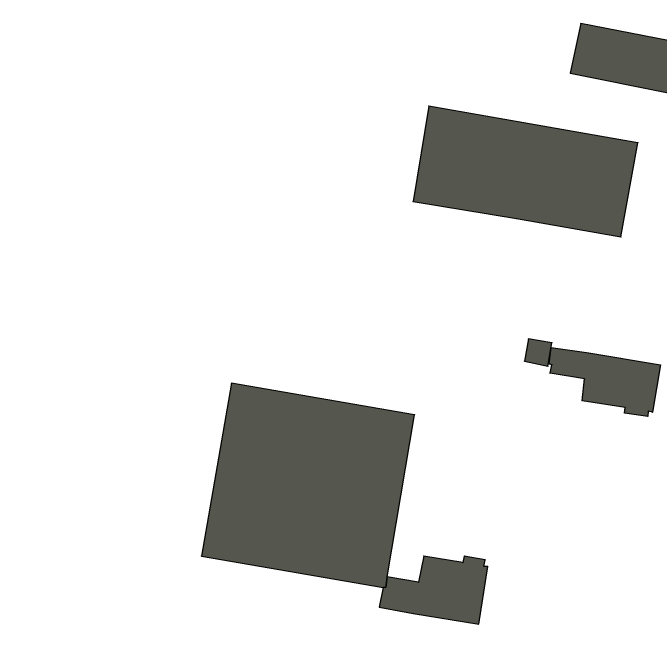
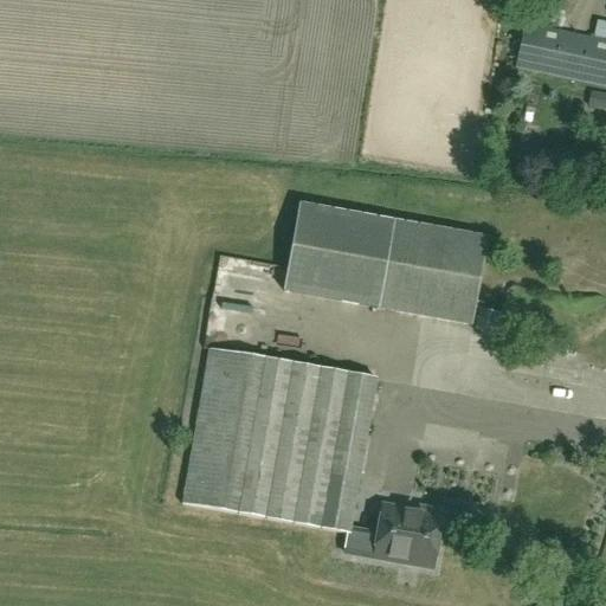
building: [413,106,638,237] -> [284,204,488,322]
building: [549,348,660,416] -> none

